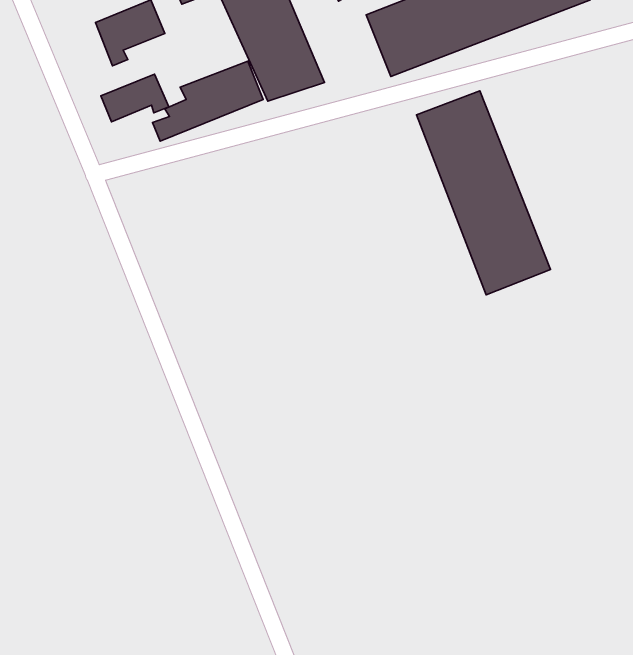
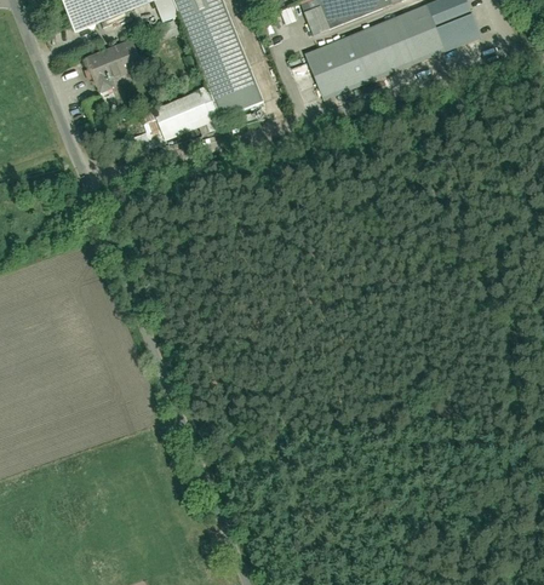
building: [101,74,169,122] -> none
building: [416,91,551,295] -> none

